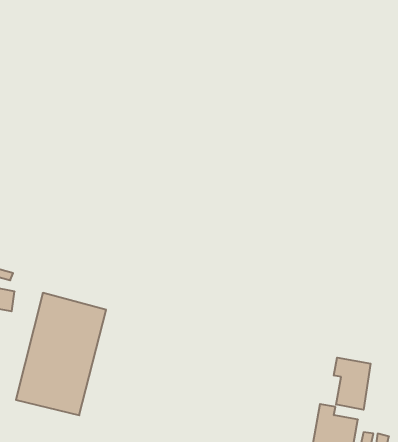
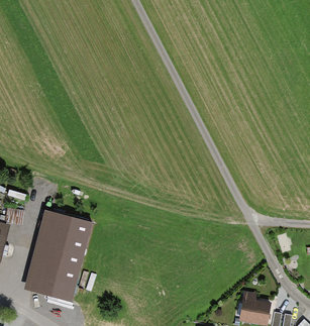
building: [334,358,371,410] -> none

